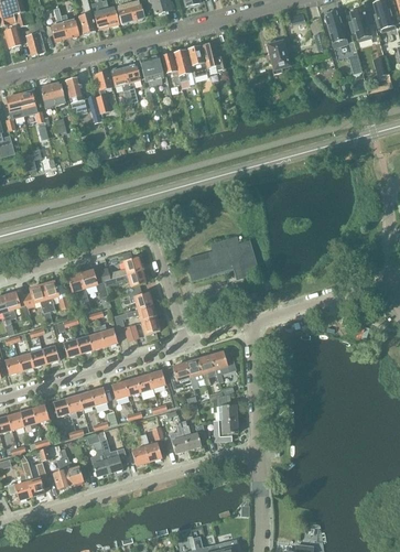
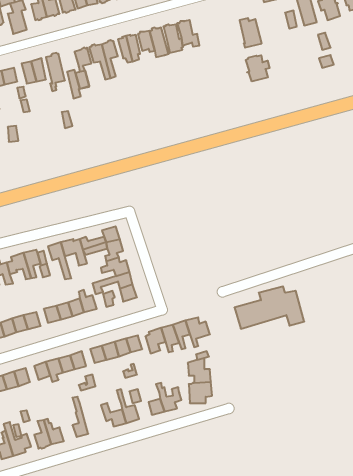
building: none -> [246,55,270,81]
building: [185,237,258,281] -> [234,286,304,329]
building: [97,430,128,473] -> none

